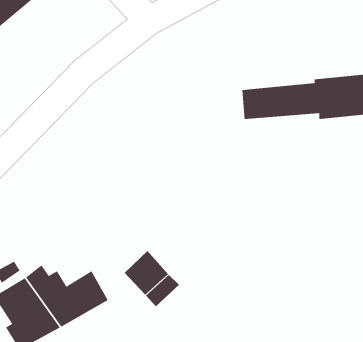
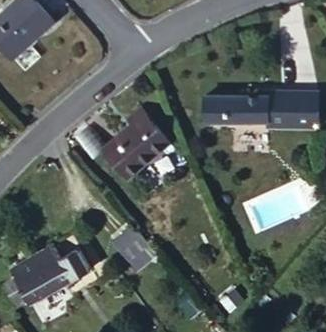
building: none -> [96,105,161,176]

